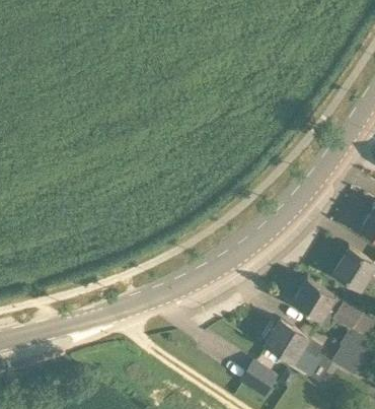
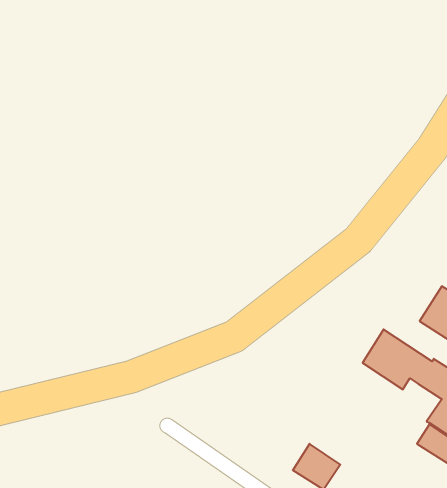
building: [259,317,321,378] -> none

